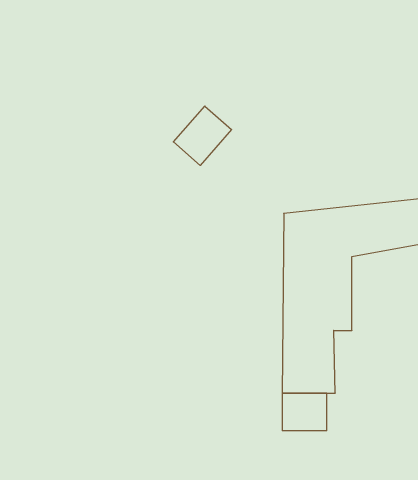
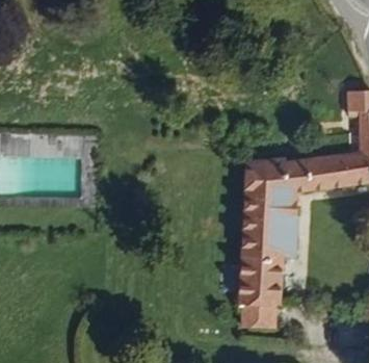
building: [173,106,232,165] -> none

